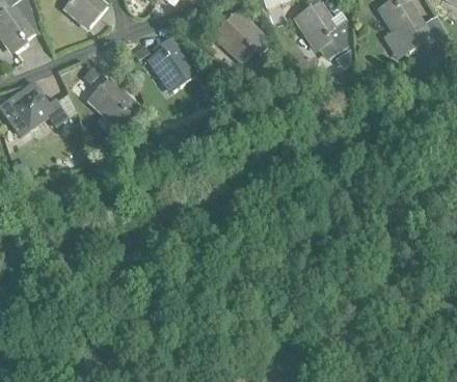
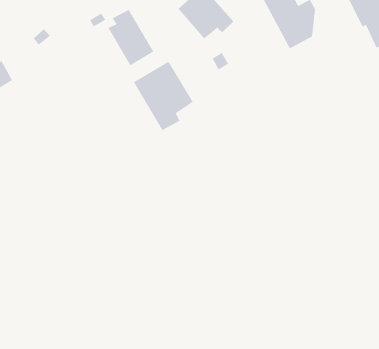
building: [90,80,143,127] -> none
building: none -> [133,61,194,131]

